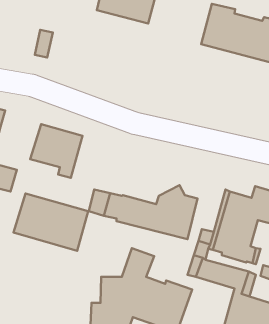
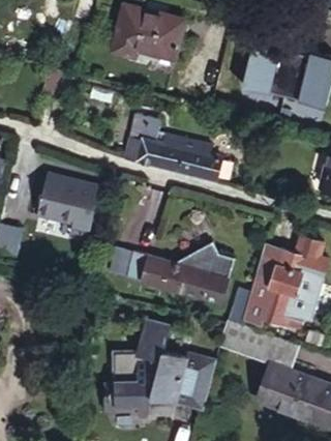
building: none -> [128,117,236,180]
building: [13,193,88,251] -> none

